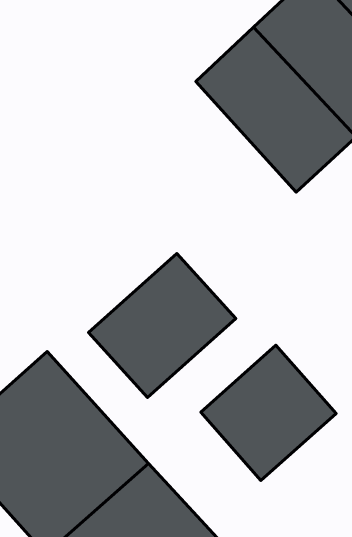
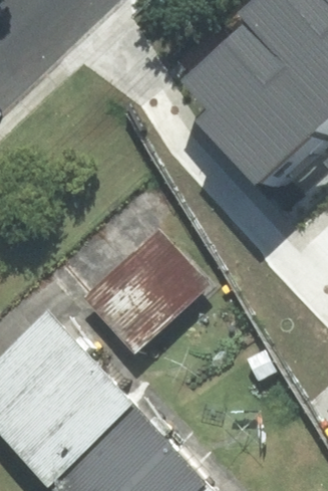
building: [201,345,336,481] -> none

